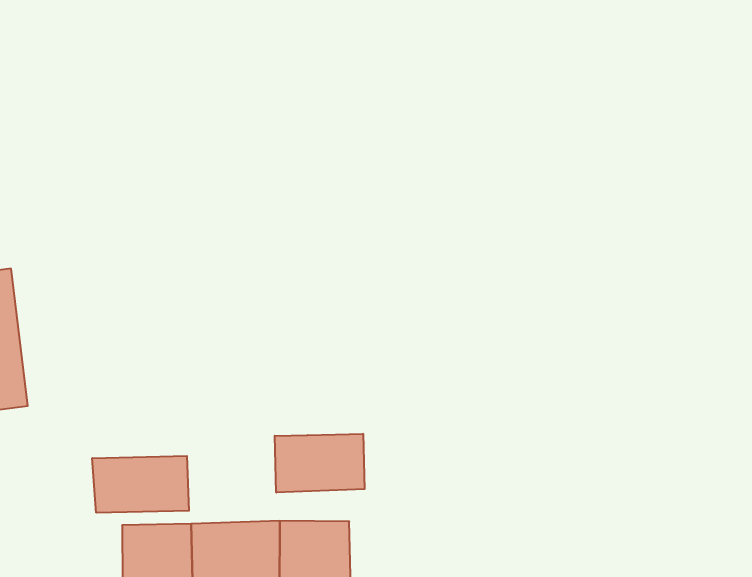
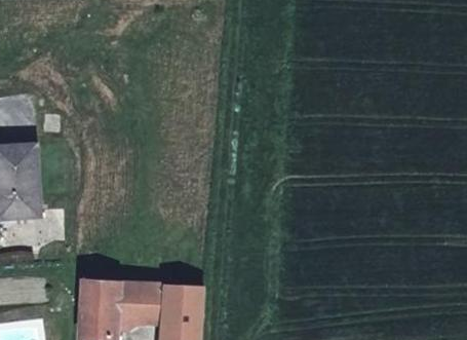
building: [275,434,365,493] -> none
building: [92,456,189,513] -> none

